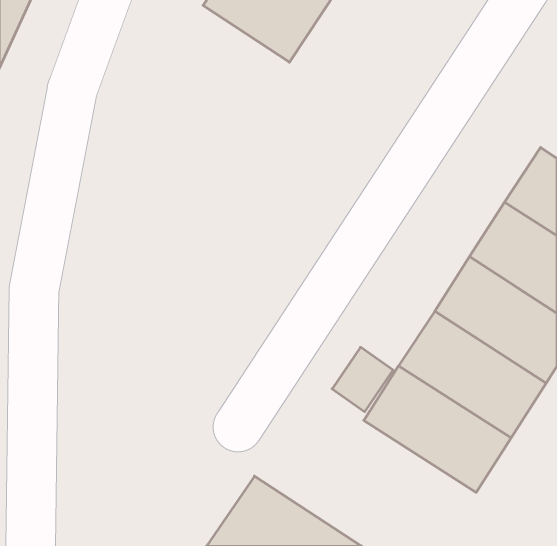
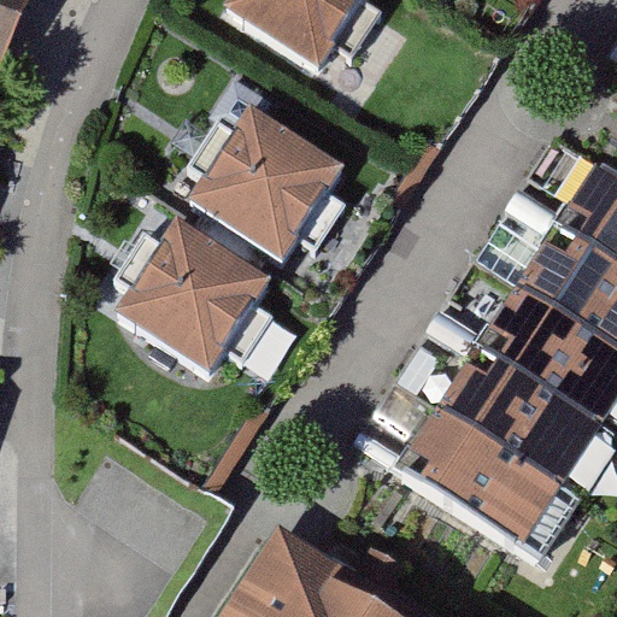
building: none -> [188,105,345,262]
building: none -> [117,218,271,372]

